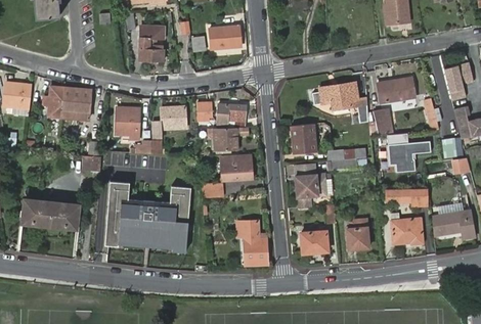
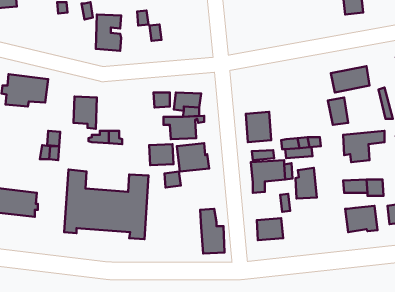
building: [209,24,242,48] -> none
building: [318,83,368,125] -> none
building: [161,107,185,129] -> [149,144,173,165]
building: [347,218,368,248] -> [296,168,317,198]

